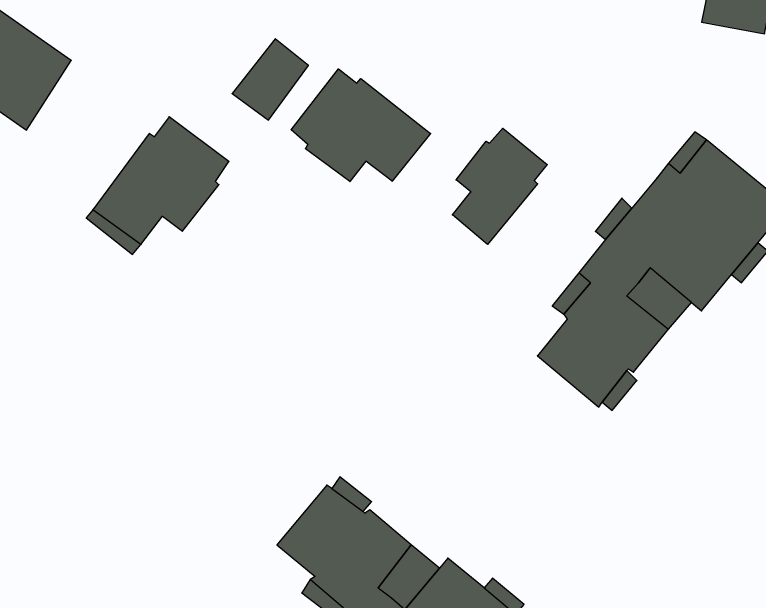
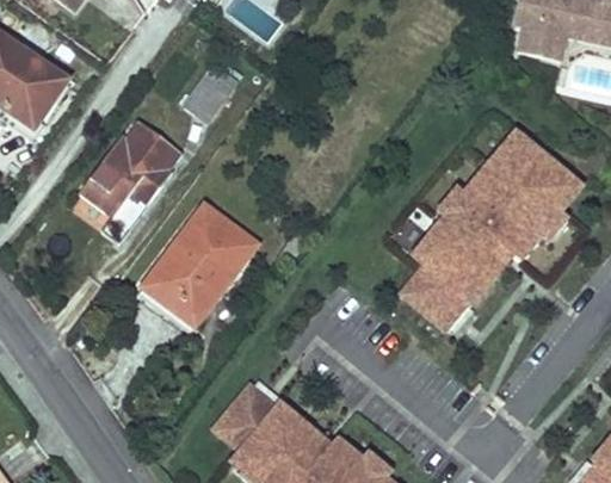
building: [291,69,431,182] -> none
building: [452,128,547,244] -> none
building: none -> [142,203,258,327]

